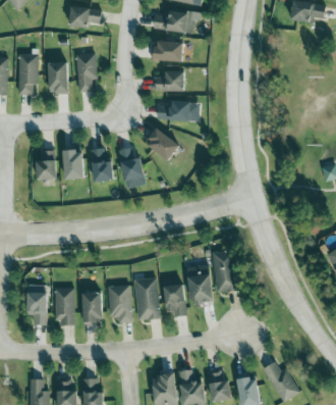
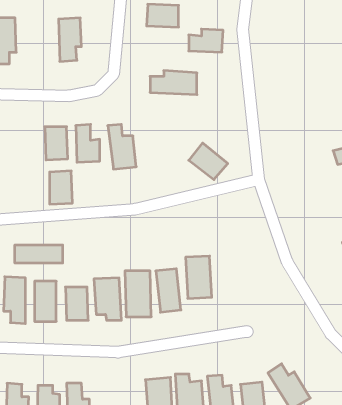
building: [47,61,67,93] -> none
building: [154,70,184,91] -> [189,29,223,52]
building: [145,128,179,160] -> [189,143,228,180]
building: [36,150,56,180] -> [50,171,72,204]
building: [212,250,234,292] -> none
building: none -> [15,245,63,263]

